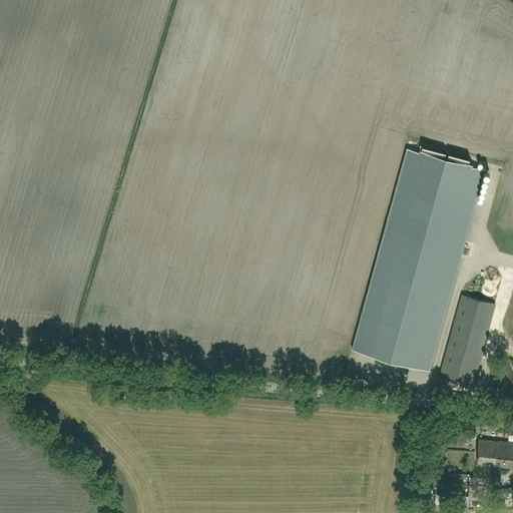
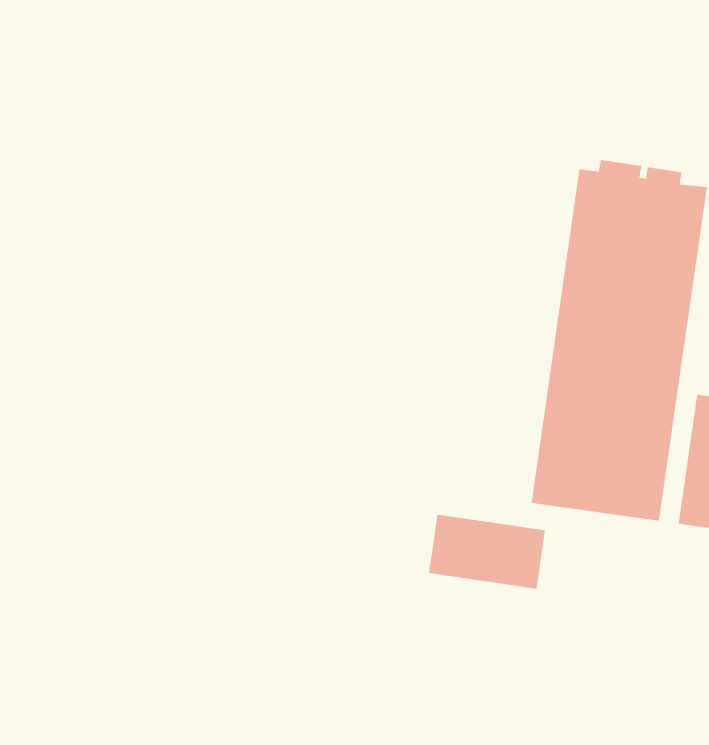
building: none -> [428,514,546,589]

